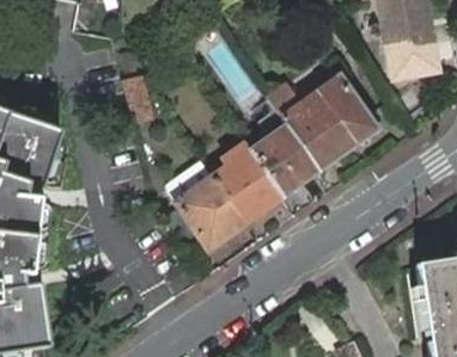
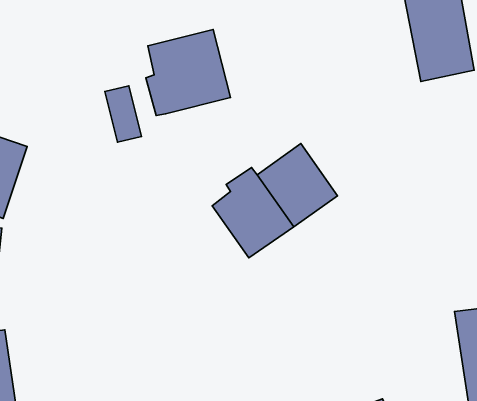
building: none -> [146,30,231,115]
building: [269,76,378,168] -> none
building: [177,177,245,248] -> none

